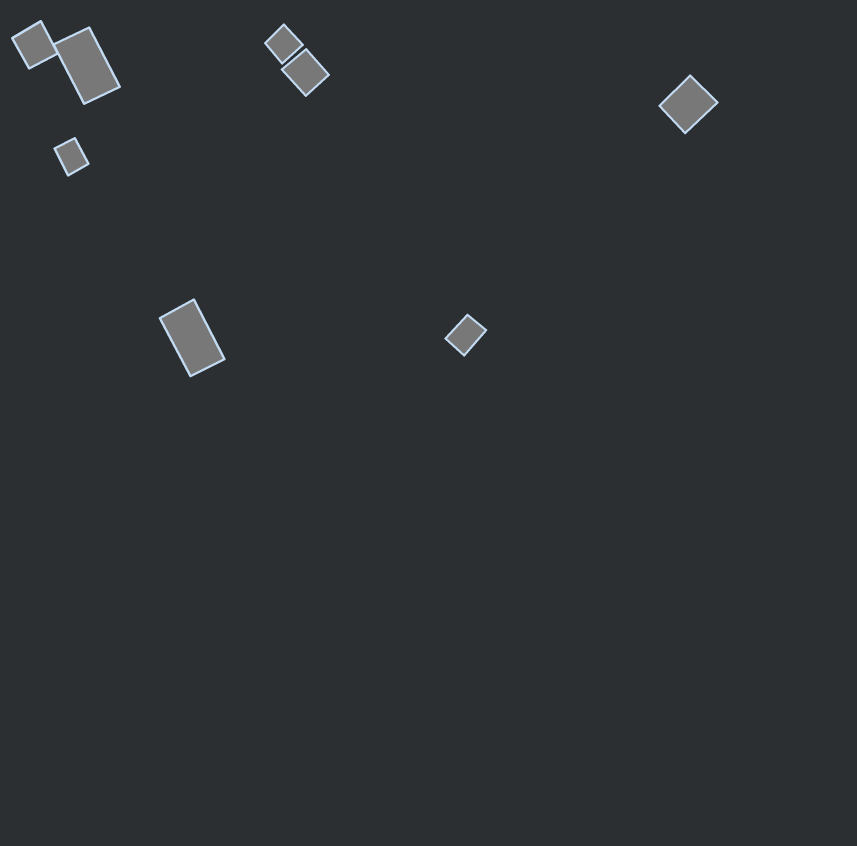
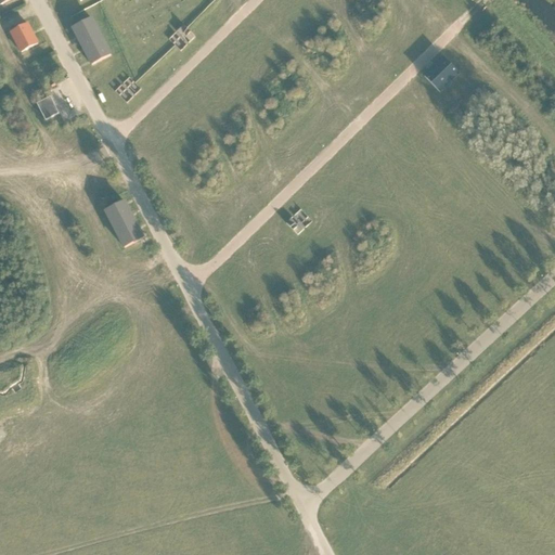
building: [54,28,120,104] -> [69,14,112,63]
building: [282,49,329,96] -> none

